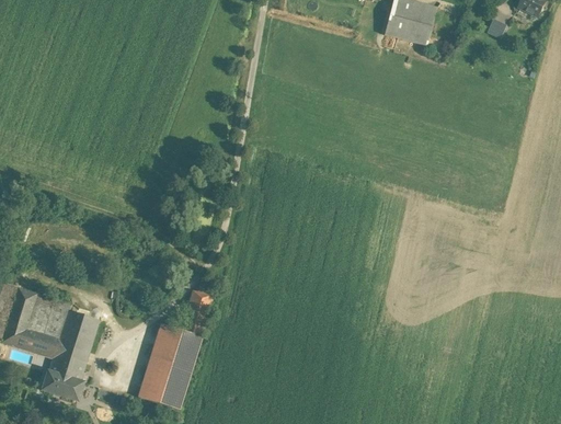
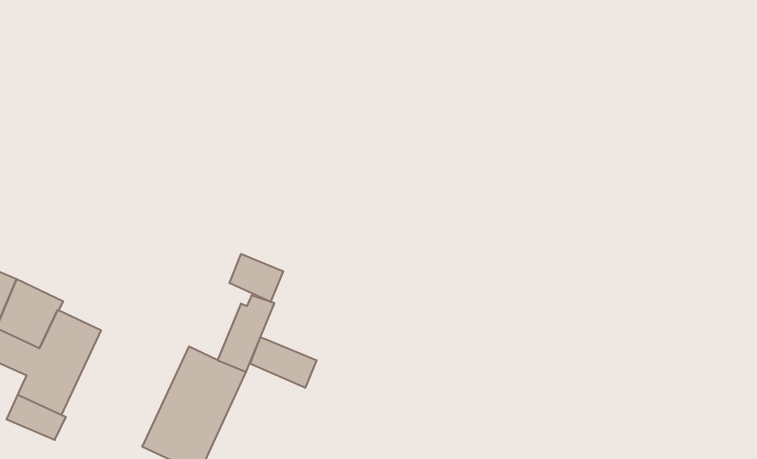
building: none -> [230,254,283,302]
building: none -> [250,337,316,388]

